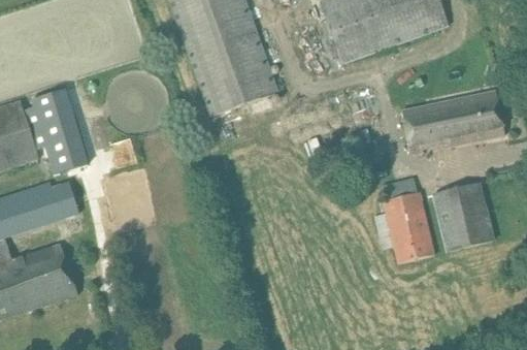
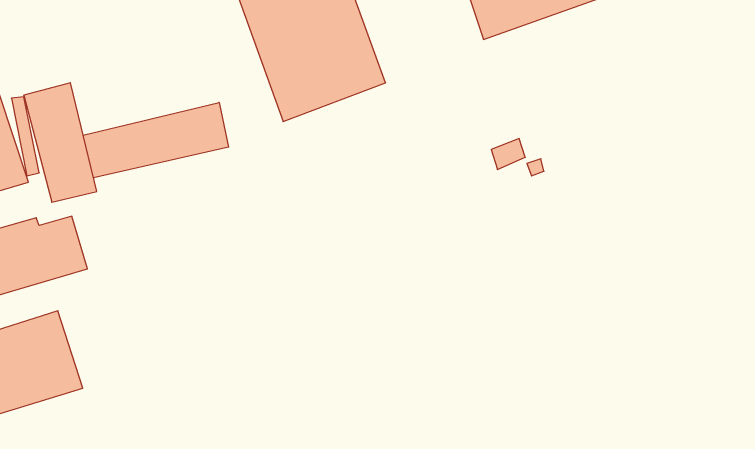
building: [400,91,503,155] -> none
building: none -> [83,102,229,178]
building: [432,183,492,251] -> none
building: [382,192,433,263] -> none

